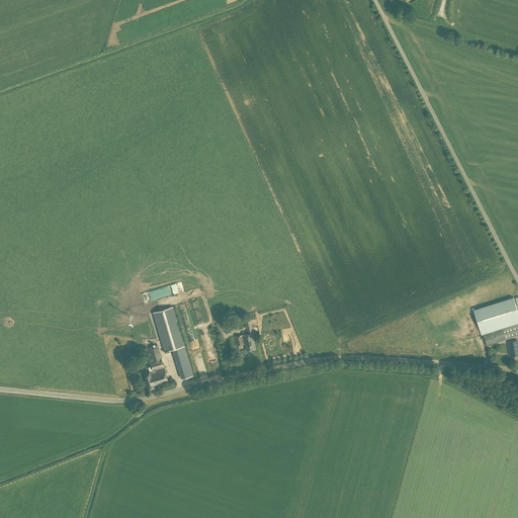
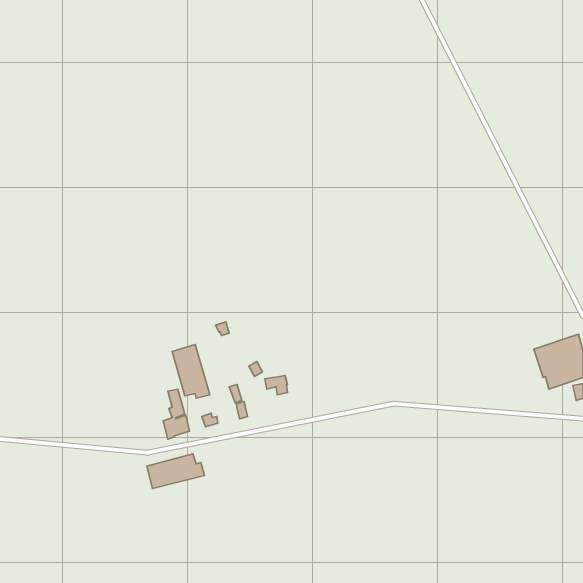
building: none -> [147,454,205,489]

